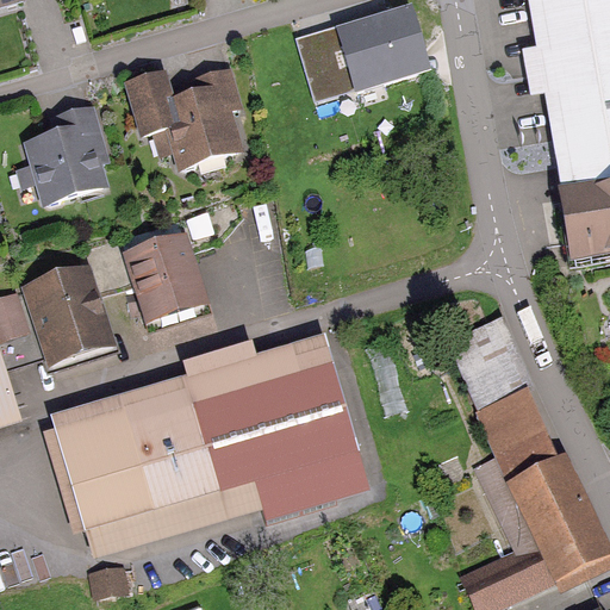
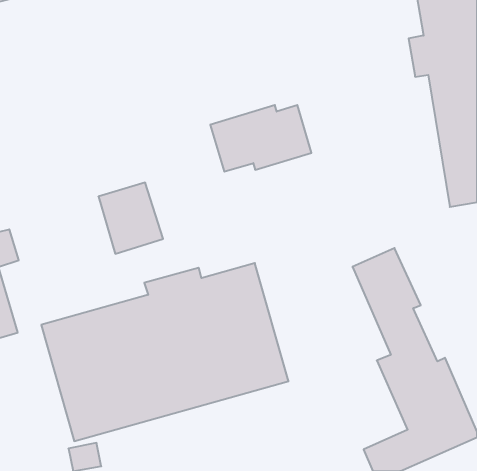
building: [297,13,425,98] -> [210,105,311,172]
building: [127,67,242,167] -> none
building: [13,104,110,204] -> none
building: [23,263,114,368] -> none

